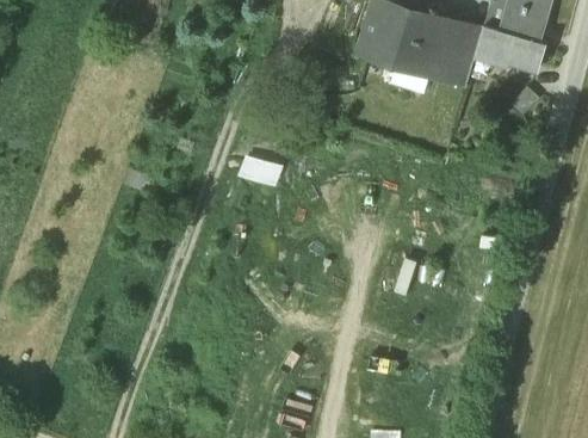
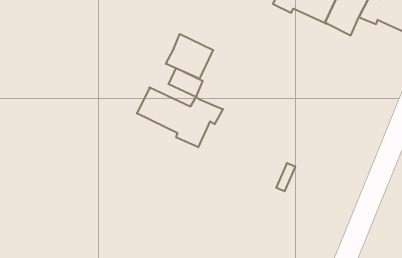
building: none -> [166,34,213,79]
building: none -> [137,87,223,147]

